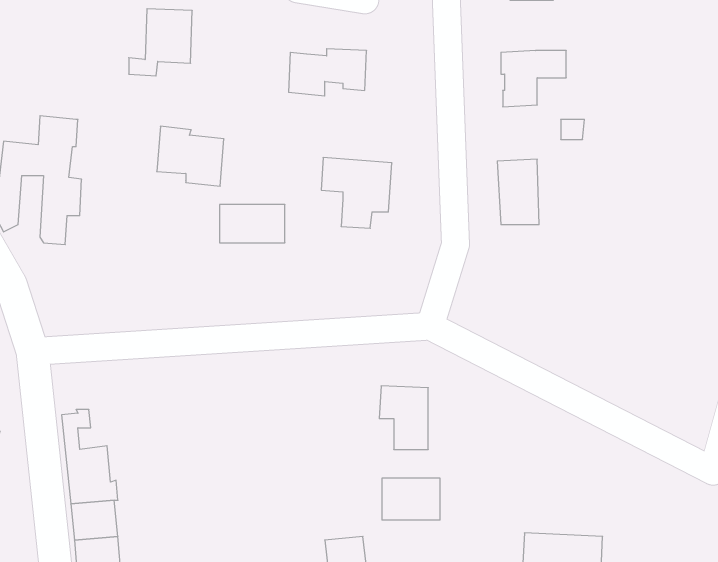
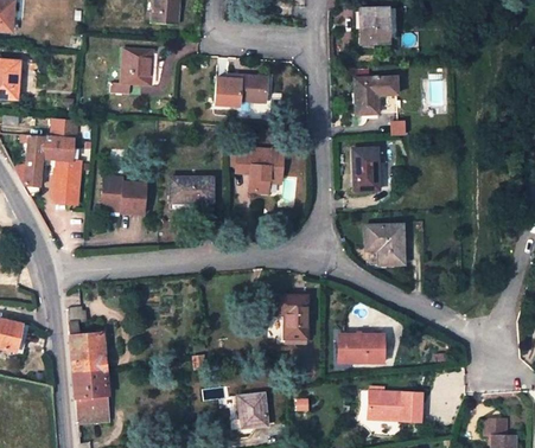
building: [157,126,224,186] -> [102,175,146,215]
building: none -> [365,223,405,264]
building: [382,478,440,520] -> [345,334,383,361]

